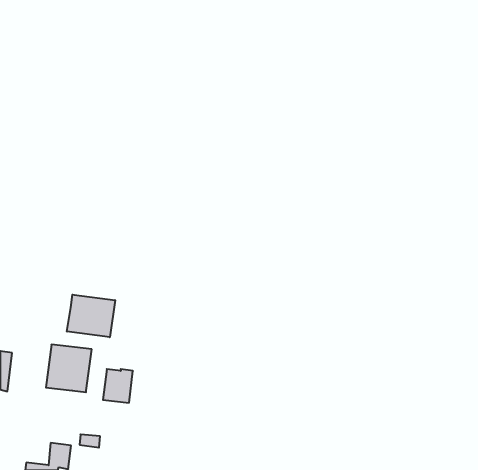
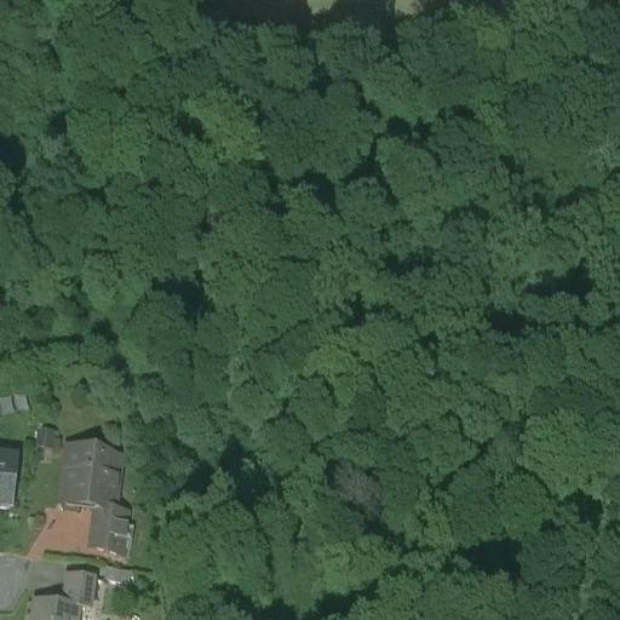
building: [67,295,115,337] -> none
building: [103,369,133,403] -> [88,505,127,549]

